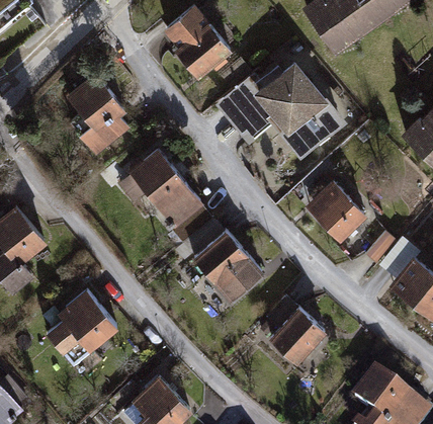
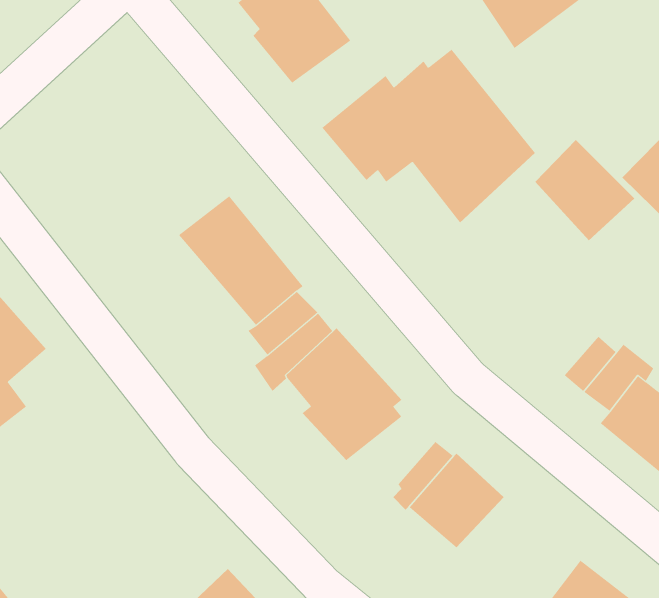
building: [67,70,131,154] -> none
building: [305,178,366,241] -> [535,139,635,241]
building: [47,287,118,367] -> none

